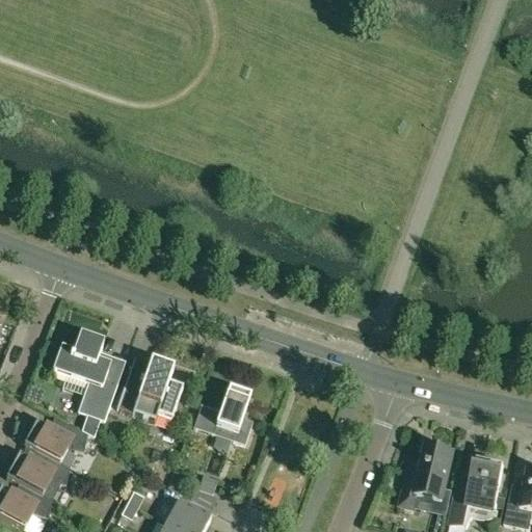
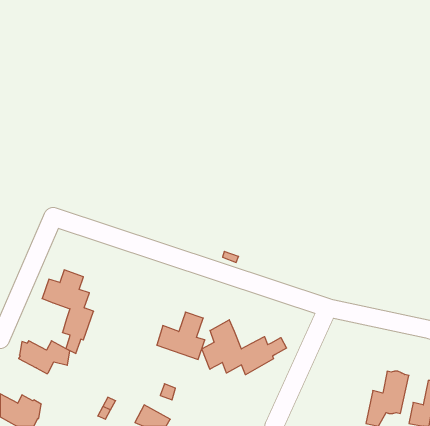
building: [117,357,183,419] -> none
building: none -> [202,320,287,375]
building: [401,443,454,513] -> none
building: [6,452,70,494] -> none

